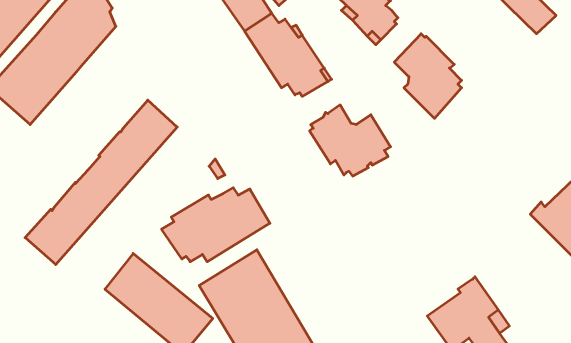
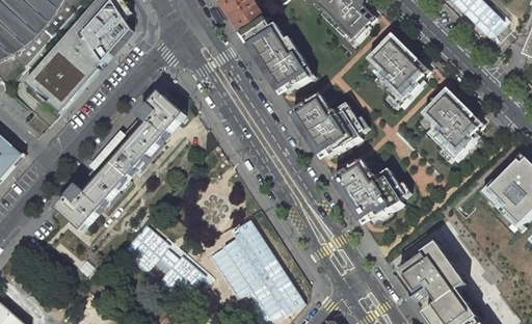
building: none -> [421,91,478,160]
building: none -> [337,161,406,223]
building: [162,188,270,262] -> none

